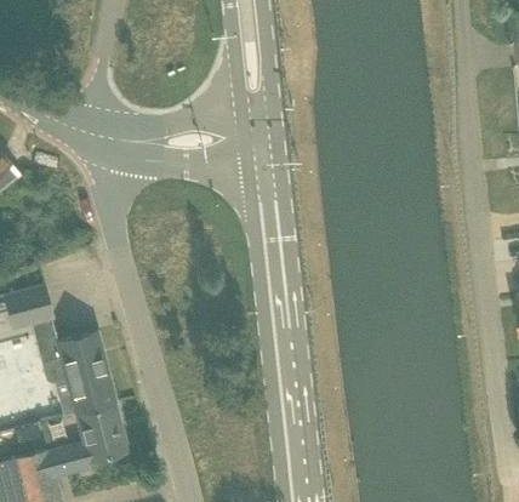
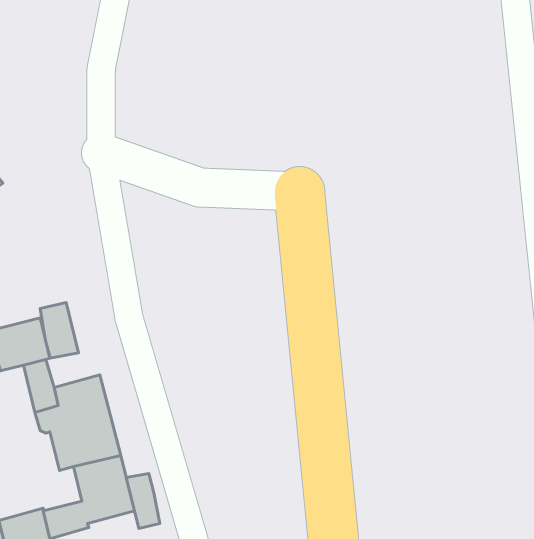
building: none -> [40,302,78,358]
building: none -> [126,473,160,528]

